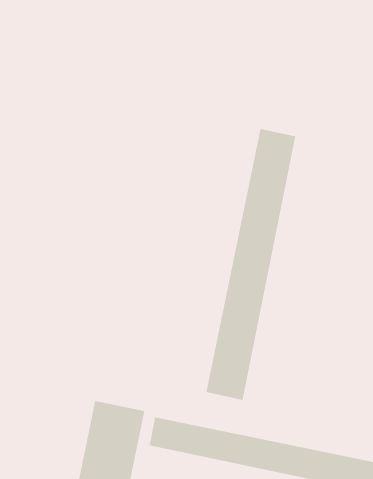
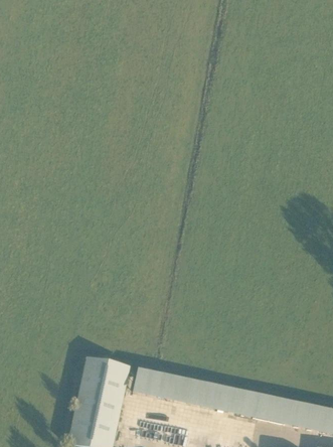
building: [206,128,296,401] -> none

